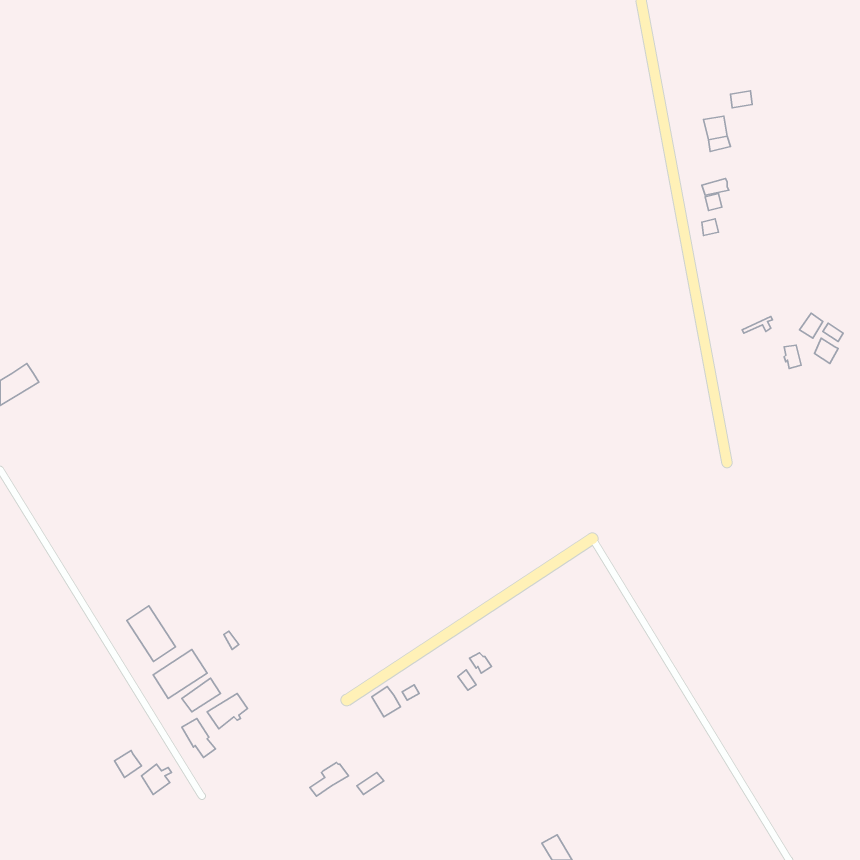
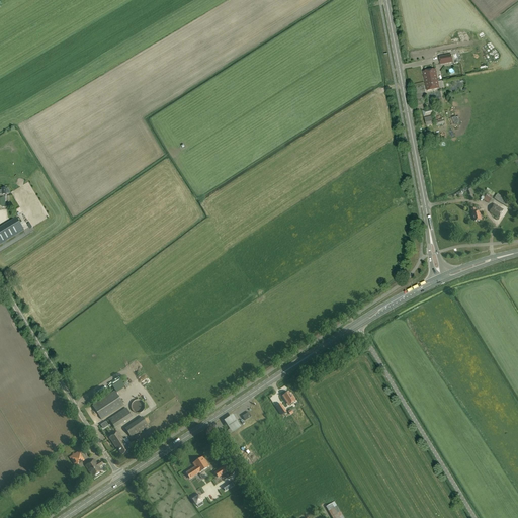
building: [127,606,175,661] -> none

